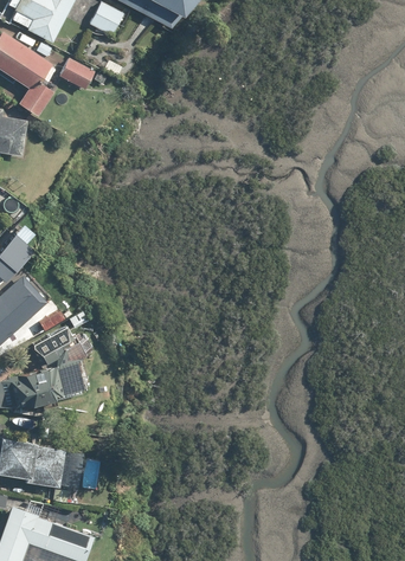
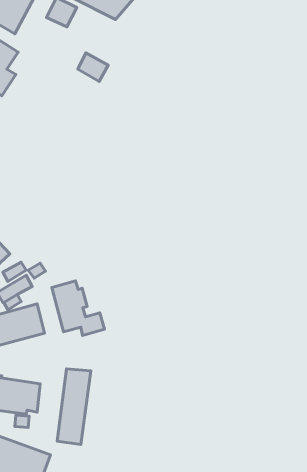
building: [58,57,94,90] -> [78,53,108,81]
building: none -> [52,281,104,336]
building: none -> [57,369,91,445]

